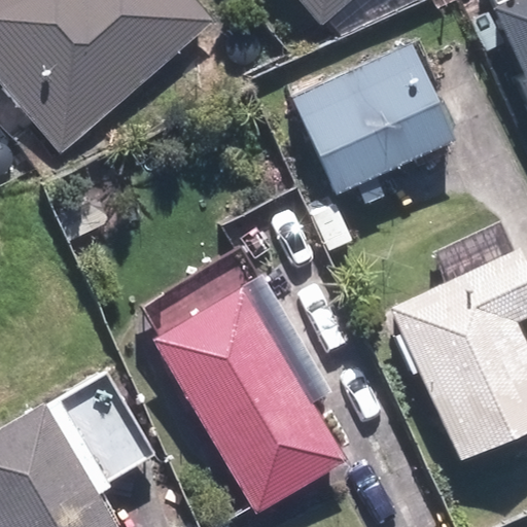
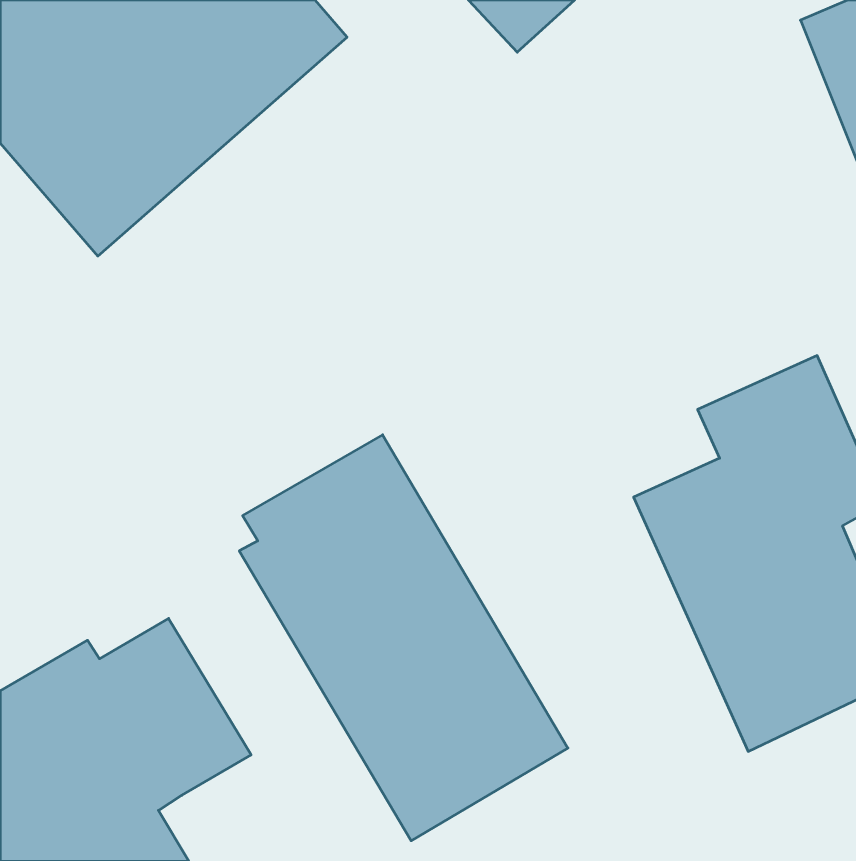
building: [288,43,455,192] -> none

